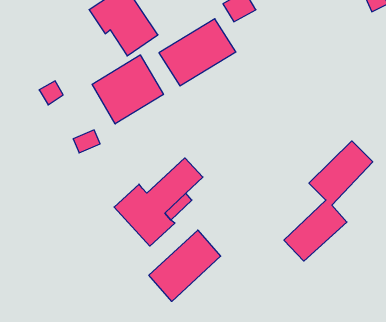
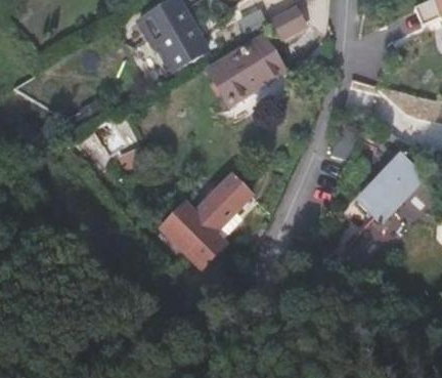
building: [92,55,163,124] -> none
building: [149,230,221,301] -> none

